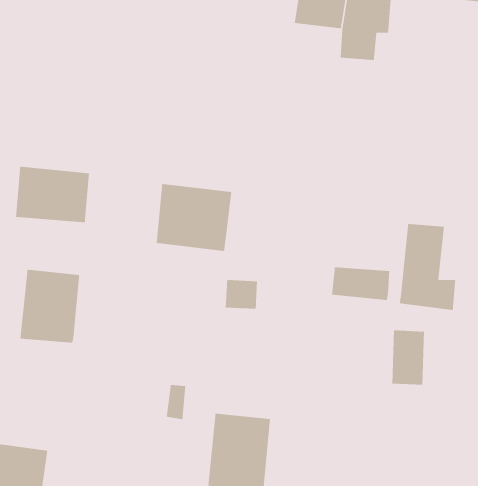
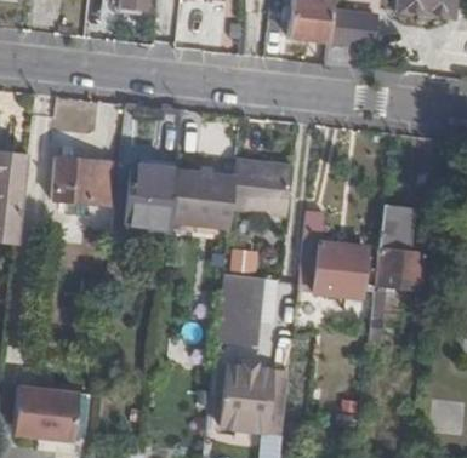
building: none -> [233,158,294,216]
building: none -> [302,211,378,294]
building: [20,269,80,344] -> [126,164,177,227]
building: none -> [221,282,263,351]

